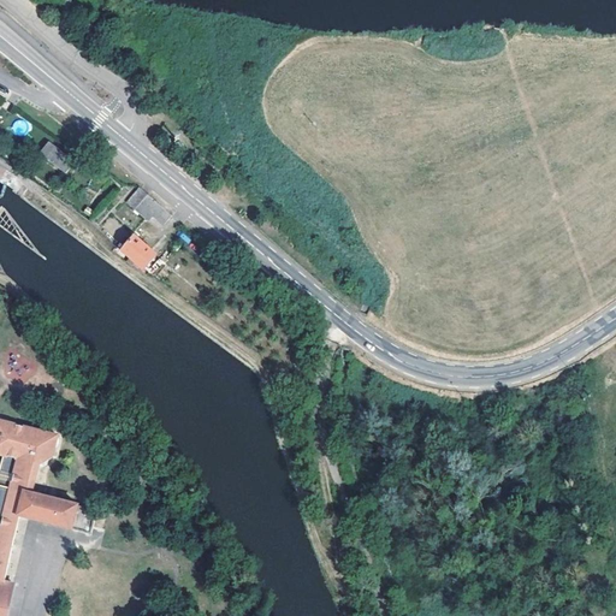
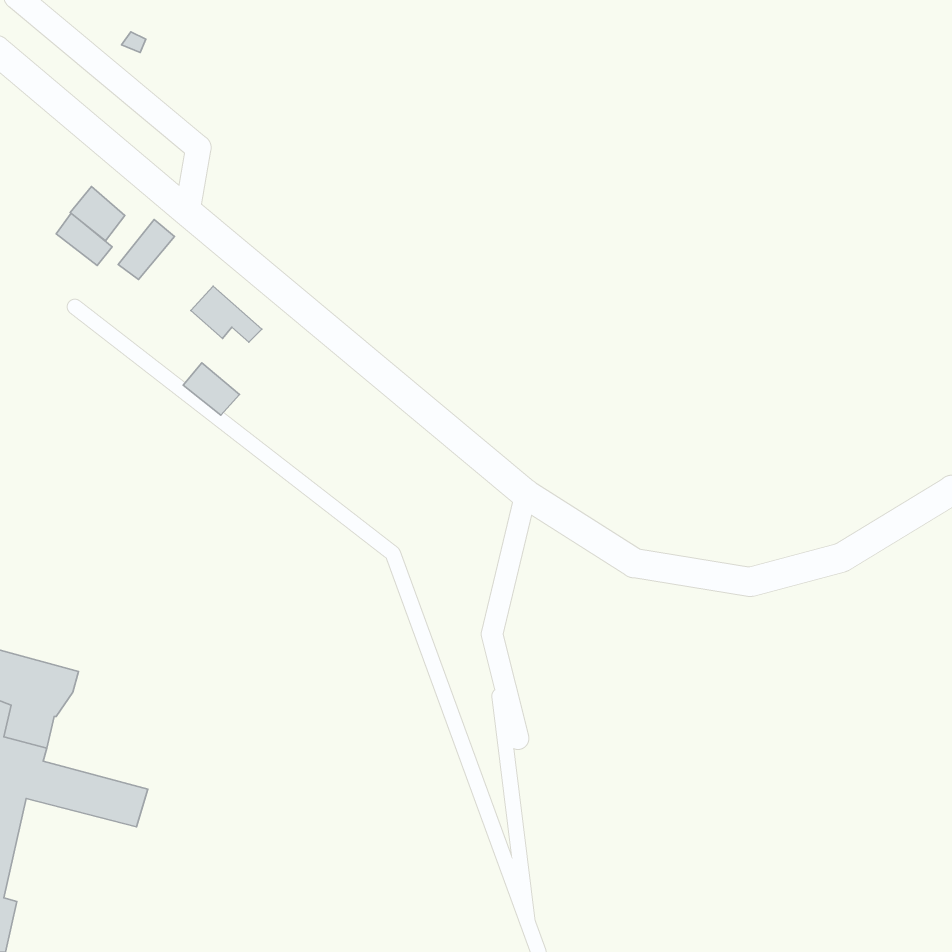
building: none -> [70,187,125,241]
building: none -> [118,220,175,280]

